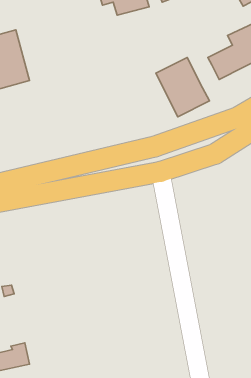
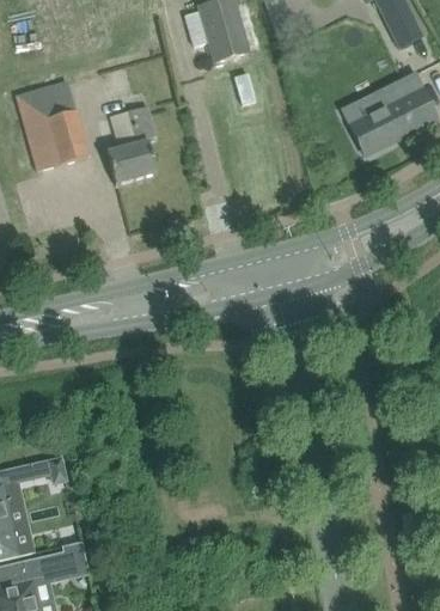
building: none -> [105,103,155,183]
building: [156,58,209,117] -> none

